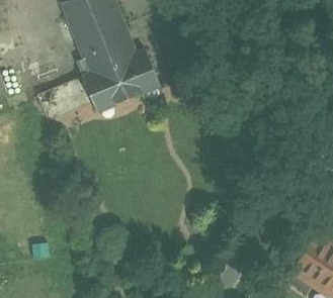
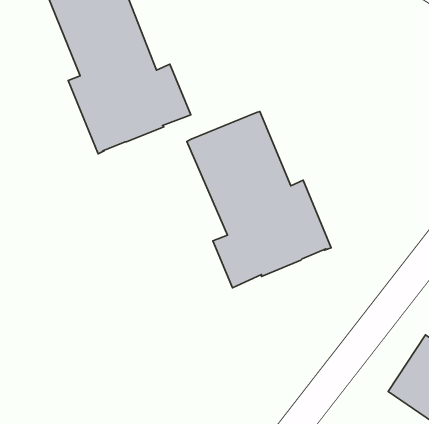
building: none -> [187,111,331,288]

